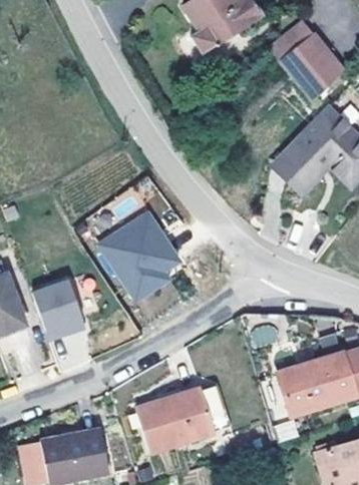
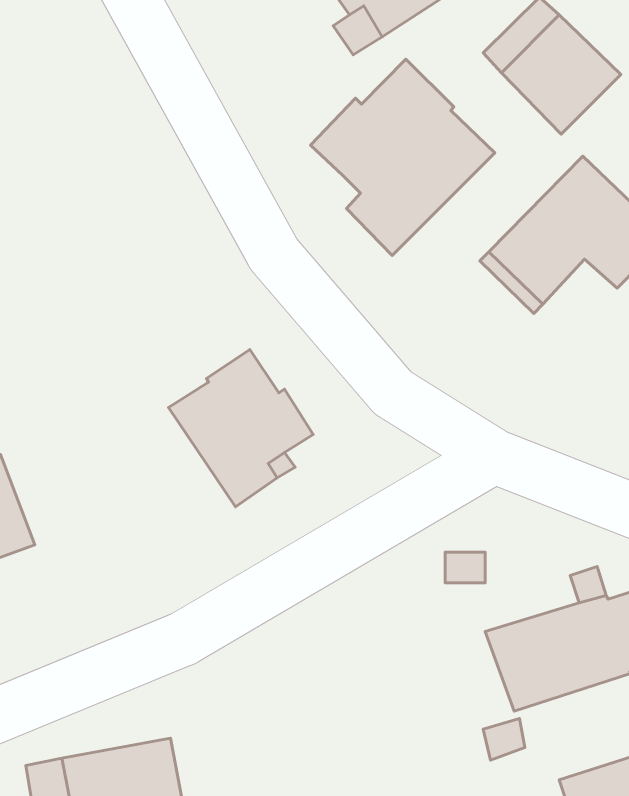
building: none -> [311,59,495,255]
building: [32,282,85,342] -> none
building: [135,388,214,452] -> none

